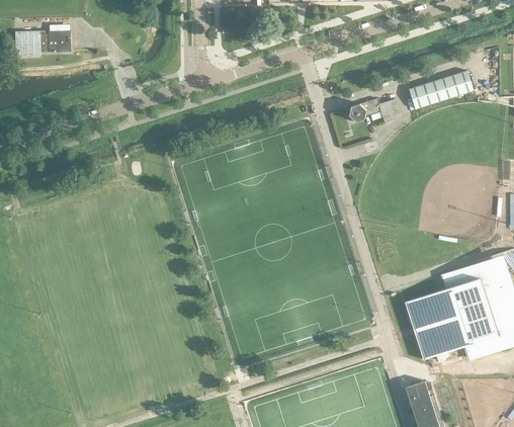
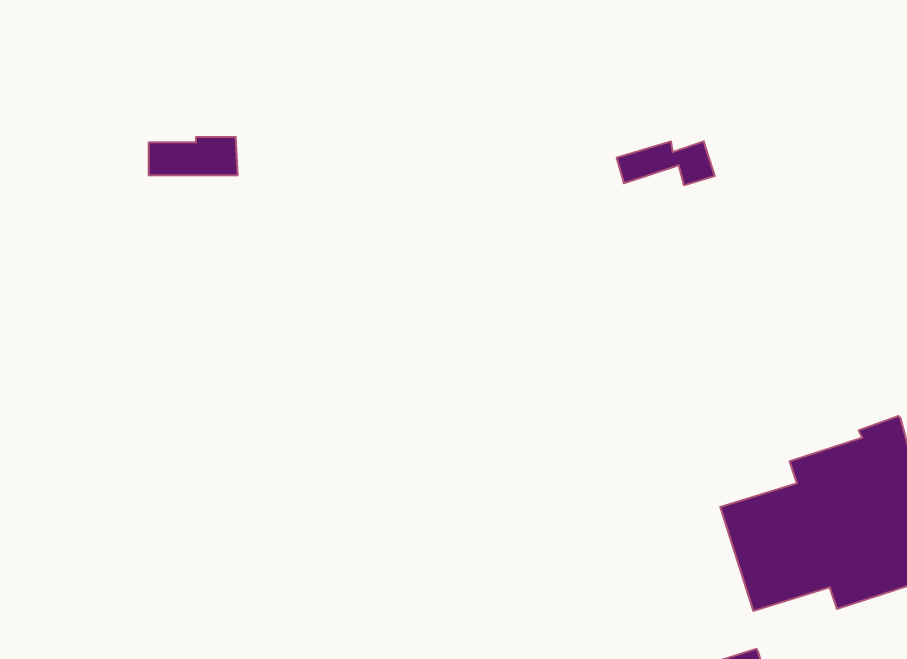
building: [22,30,72,52] -> [149,137,238,175]
building: [409,71,474,108] -> none

